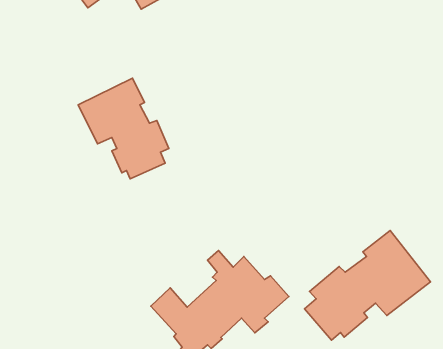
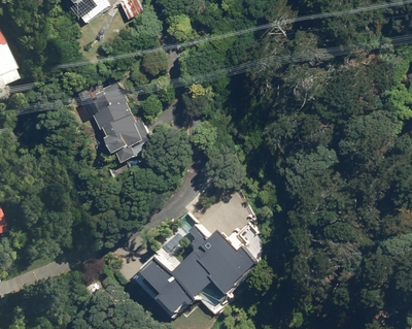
building: [305,231,431,340] -> none

